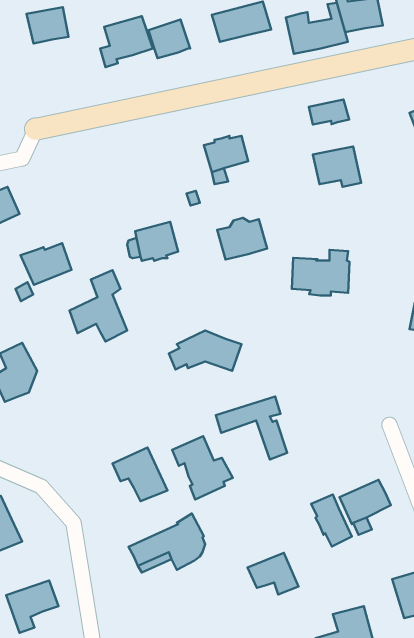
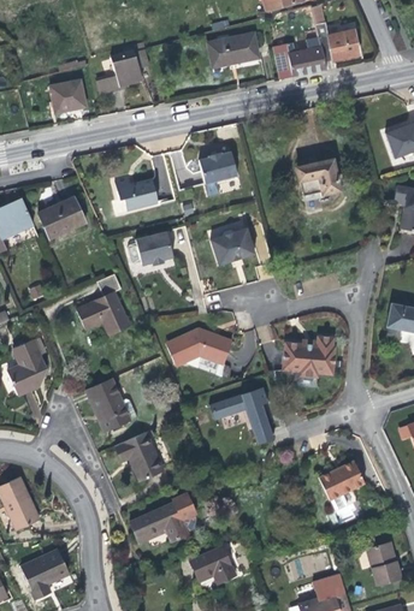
building: [27,7,68,44] -> [49,82,87,114]
building: [149,19,190,58] -> none
building: [309,100,349,124] -> none
building: none -> [117,178,159,209]
building: [20,243,72,285] -> [37,200,83,237]
building: [292,250,350,295] -> [283,337,335,378]
building: [172,436,233,499] -> [88,379,142,435]
building: [311,494,352,546] -> none
building: [247,553,298,594] -> [190,546,236,583]

